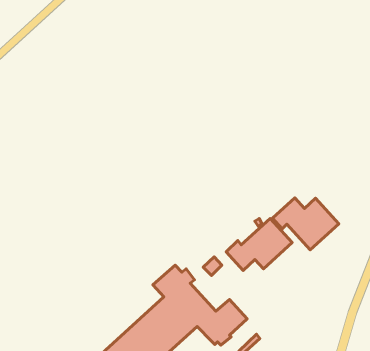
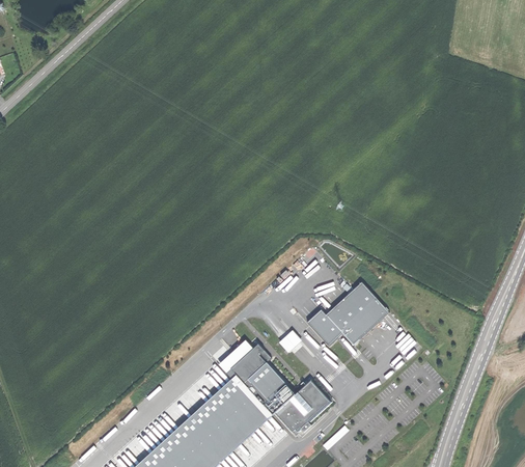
building: [273,198,339,250] -> none

